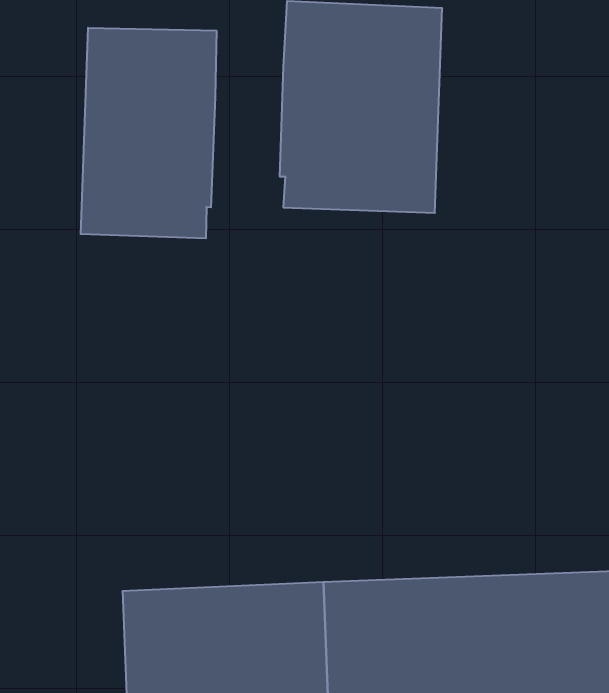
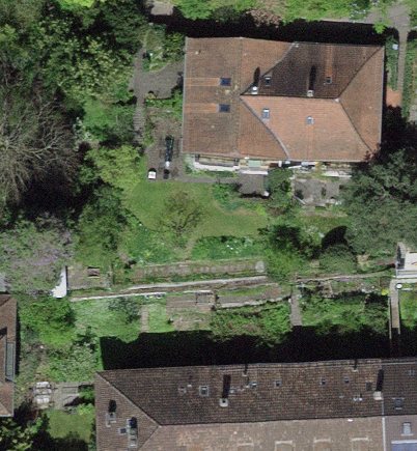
building: none -> [279,46,372,165]
building: [81,28,216,238] -> none

